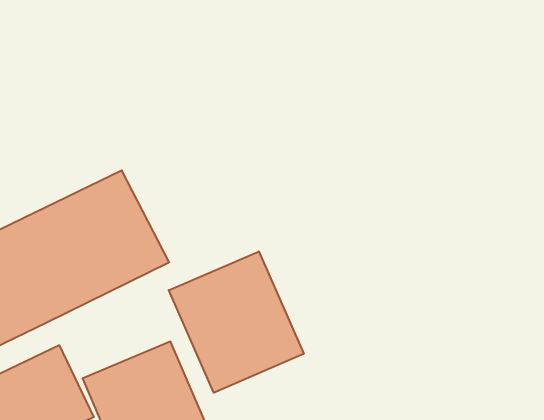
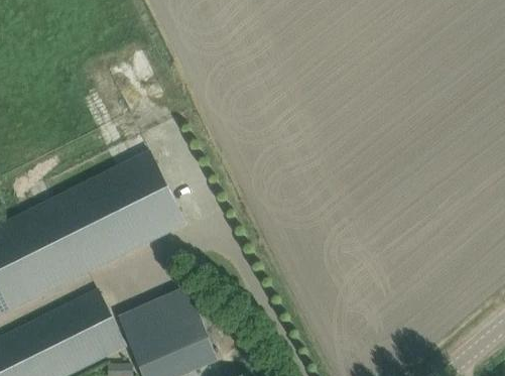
building: [169,251,304,393] -> none

